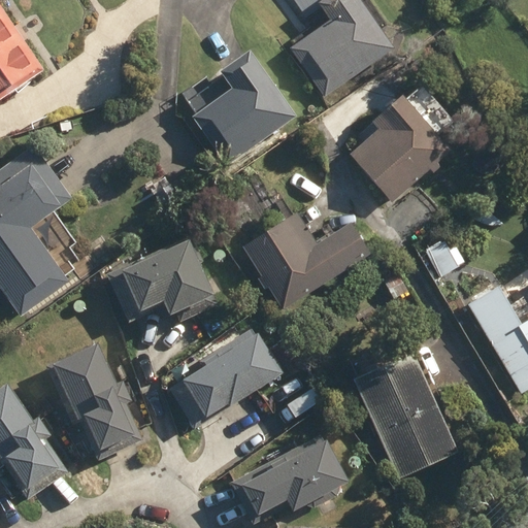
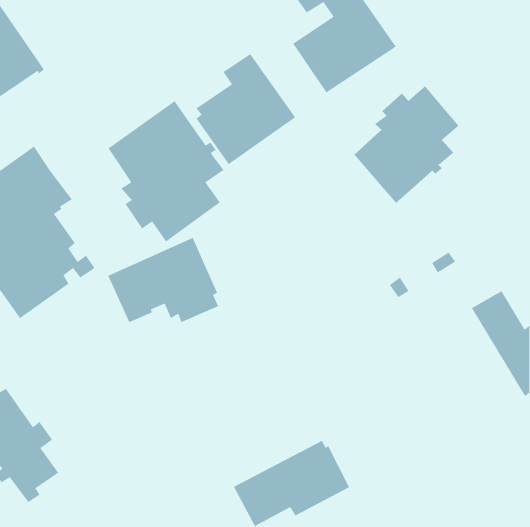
building: none -> [108,100,224,242]
building: [242,214,369,309] -> none
building: [169,329,283,427] -> none
building: [46,342,142,460] -> none
building: [353,354,458,480] -> none

